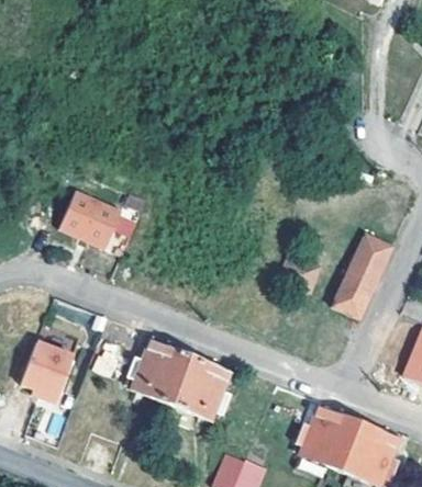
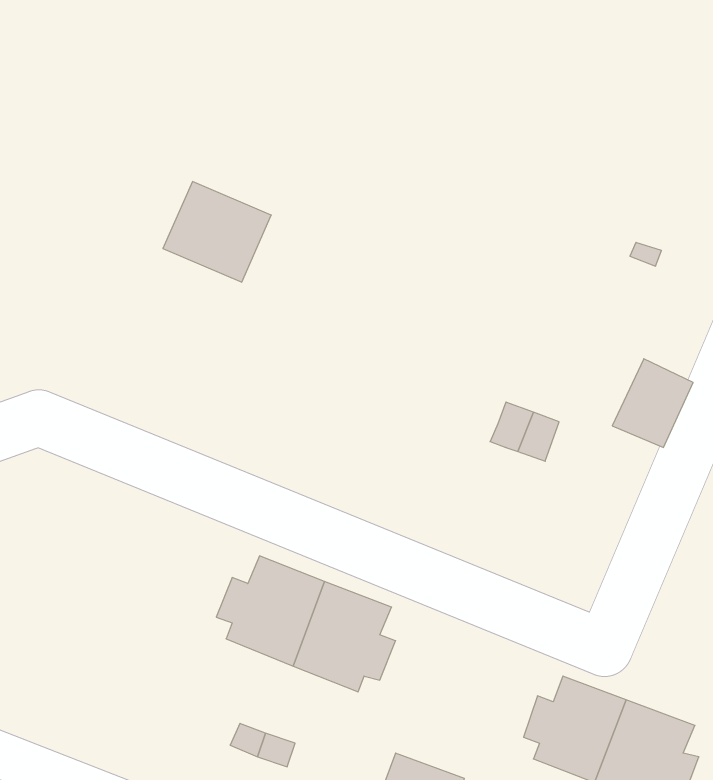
building: [59,192,120,248] -> [163,182,271,282]
building: [331,270,377,318] -> none
building: [21,339,75,400] -> none

